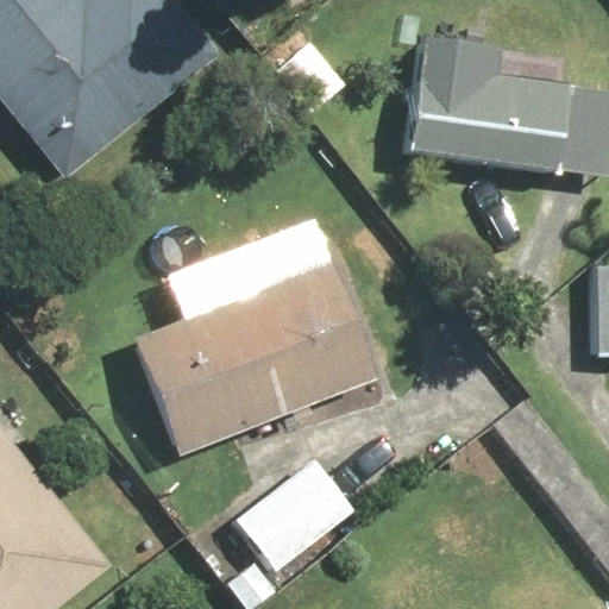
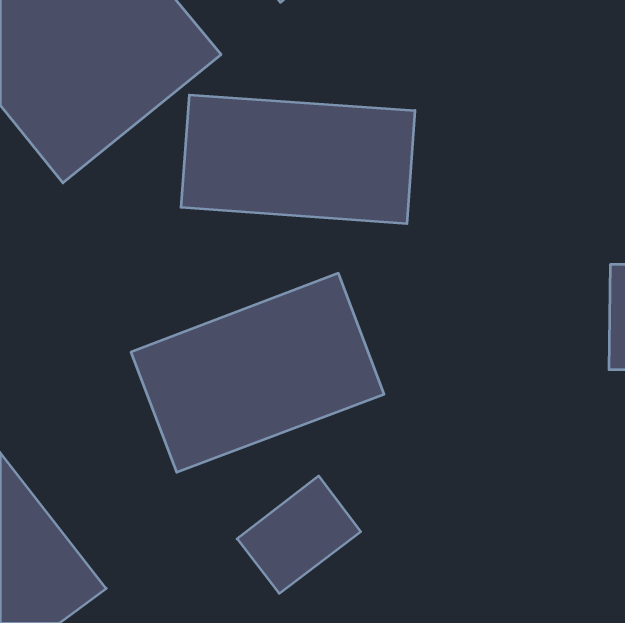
building: [407,36,571,170] -> none
building: none -> [181,95,415,224]

